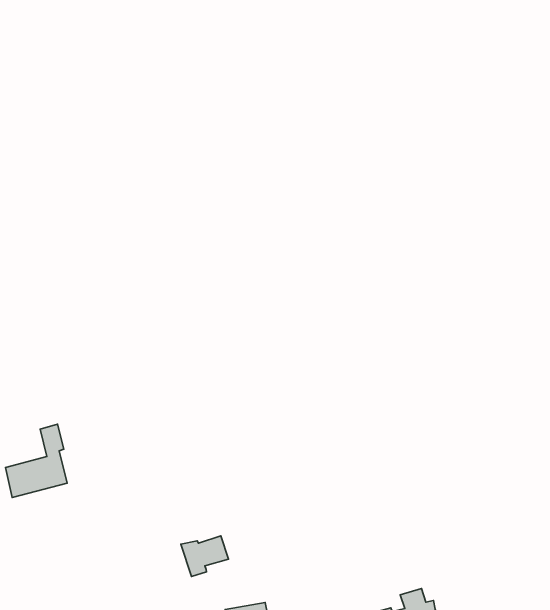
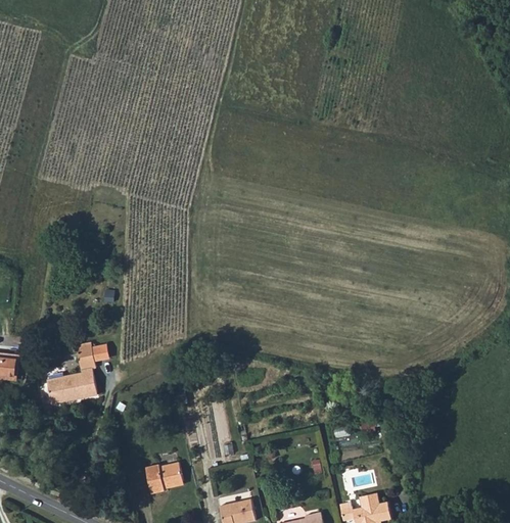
building: [181,536,229,577] -> [145,463,183,494]

